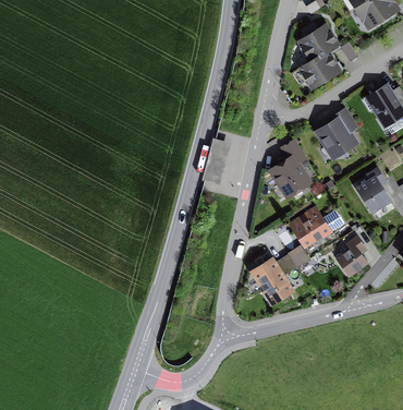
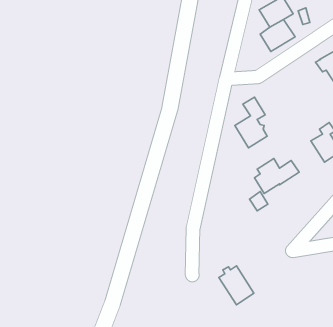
building: [317,109,356,157] -> none
building: [337,238,366,276] -> none
building: [252,260,291,303] -> [219,266,254,305]

